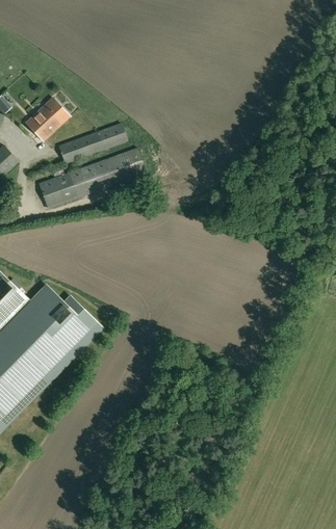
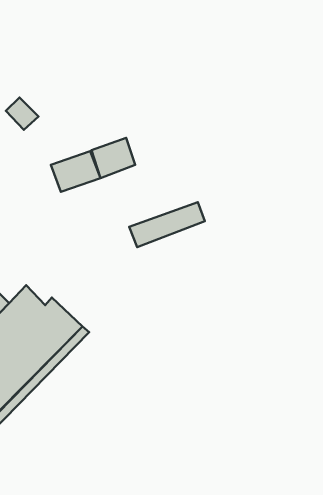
building: [37,98,68,128] -> none
building: [56,123,126,164] -> [129,202,205,247]
building: [36,173,76,208] -> none

